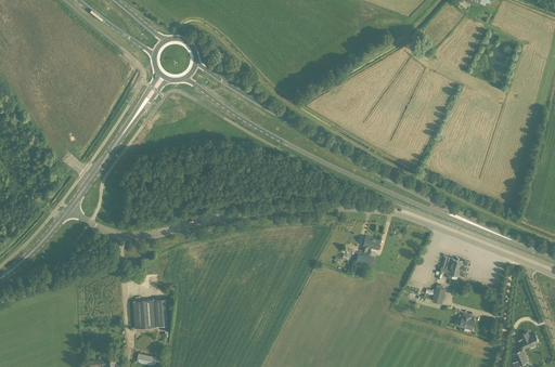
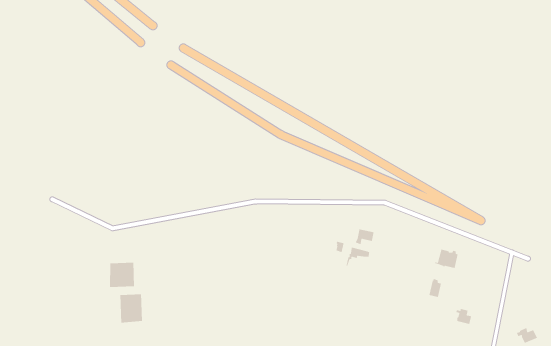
building: none -> [109,262,135,288]

